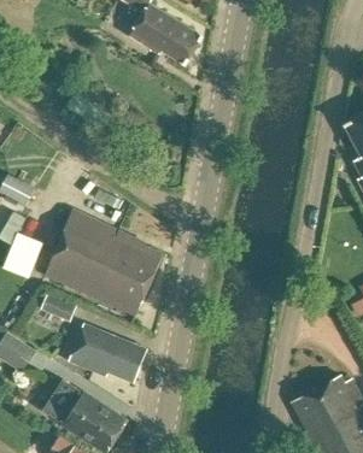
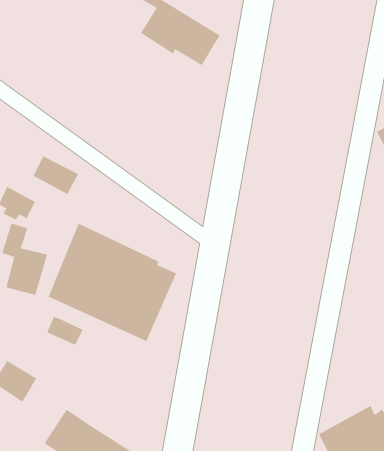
building: none -> [33,155,79,195]
building: [62,323,146,382] -> none

